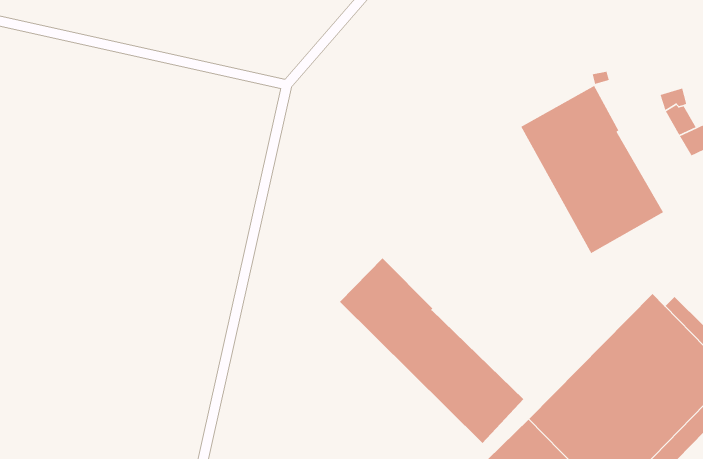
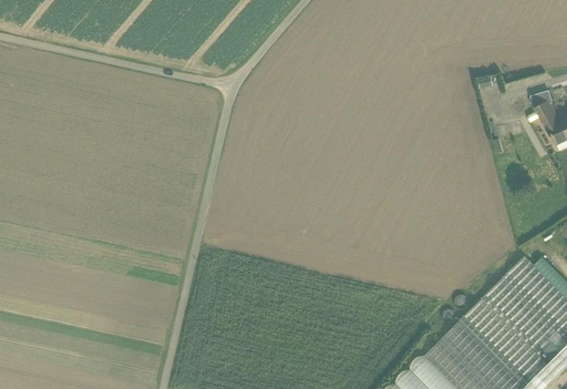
building: [520,85,664,254] -> none
building: [339,258,524,444] -> none

